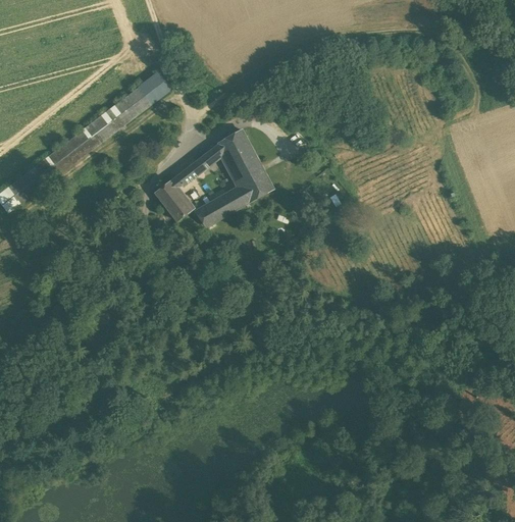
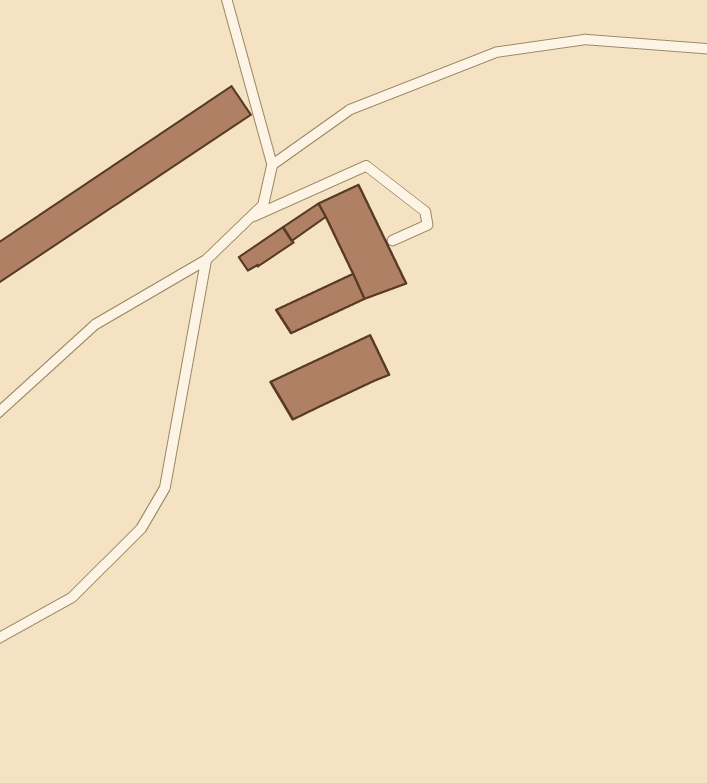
building: [153,179,190,220] -> none
building: none -> [271,335,389,420]

